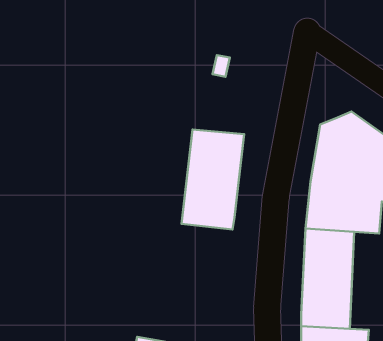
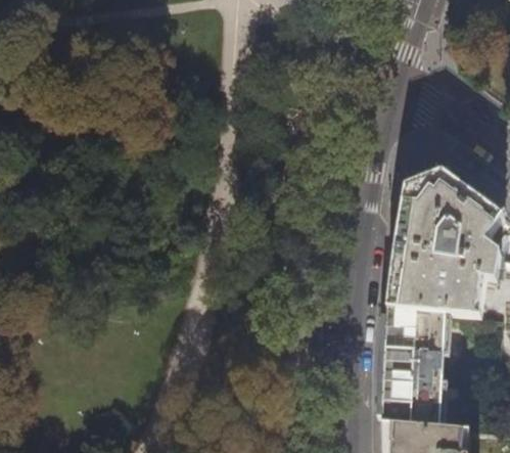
building: [181,129,244,229] -> none

